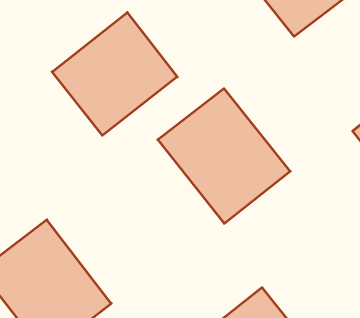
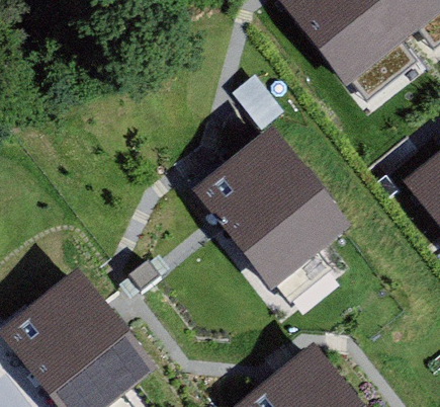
building: [52,12,177,135] -> none

